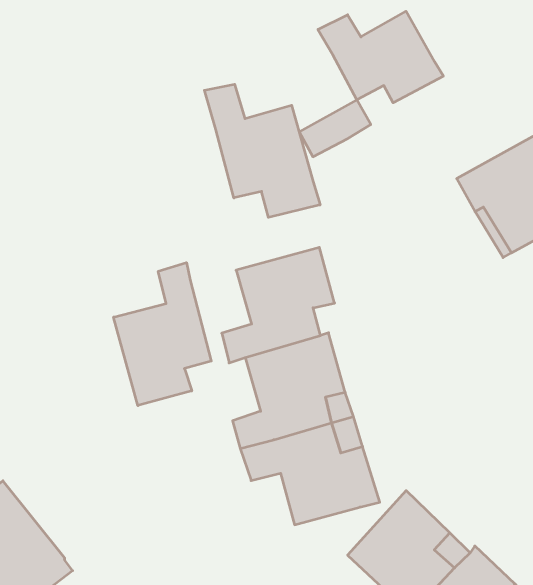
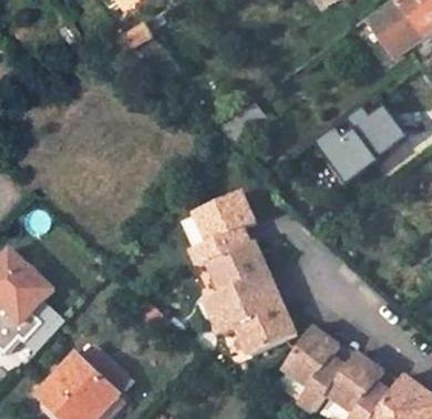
building: [318,11,443,103] -> none
building: [204,84,320,217] -> none
building: [114,263,211,406] -> none

